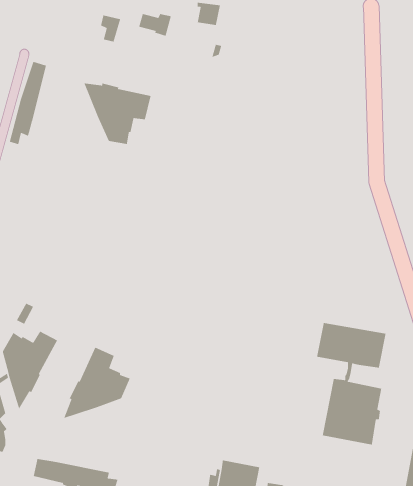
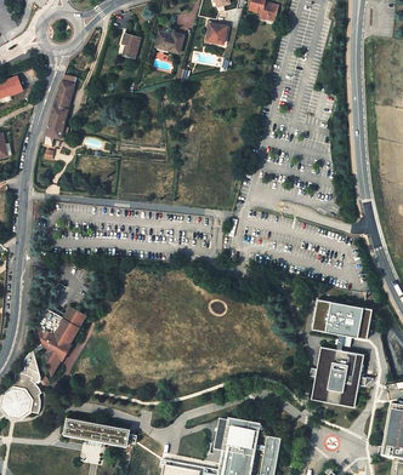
building: [83,82,151,145] -> none
building: [63,346,131,419] -> none

